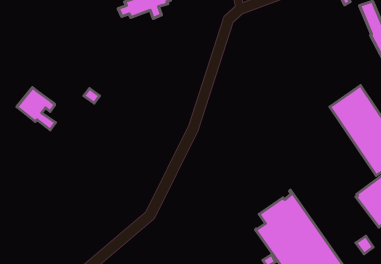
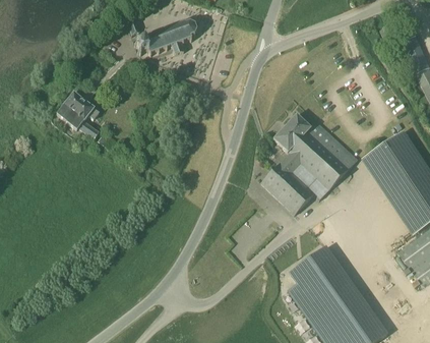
building: none -> [260,114,358,215]
building: [17,88,56,130] -> [56,93,99,139]

